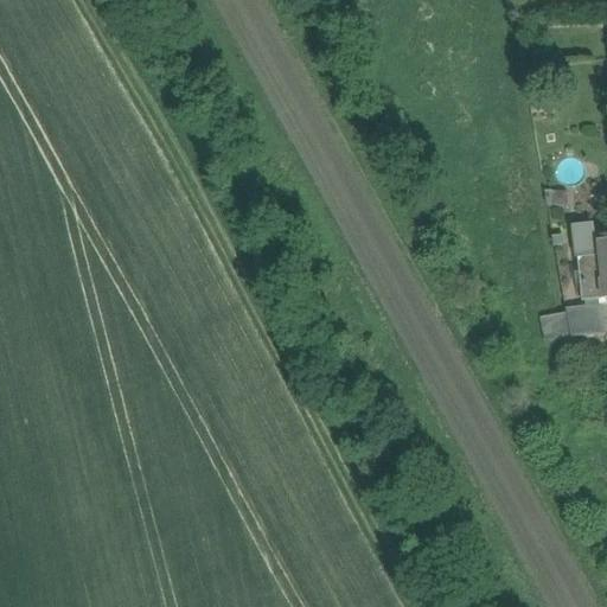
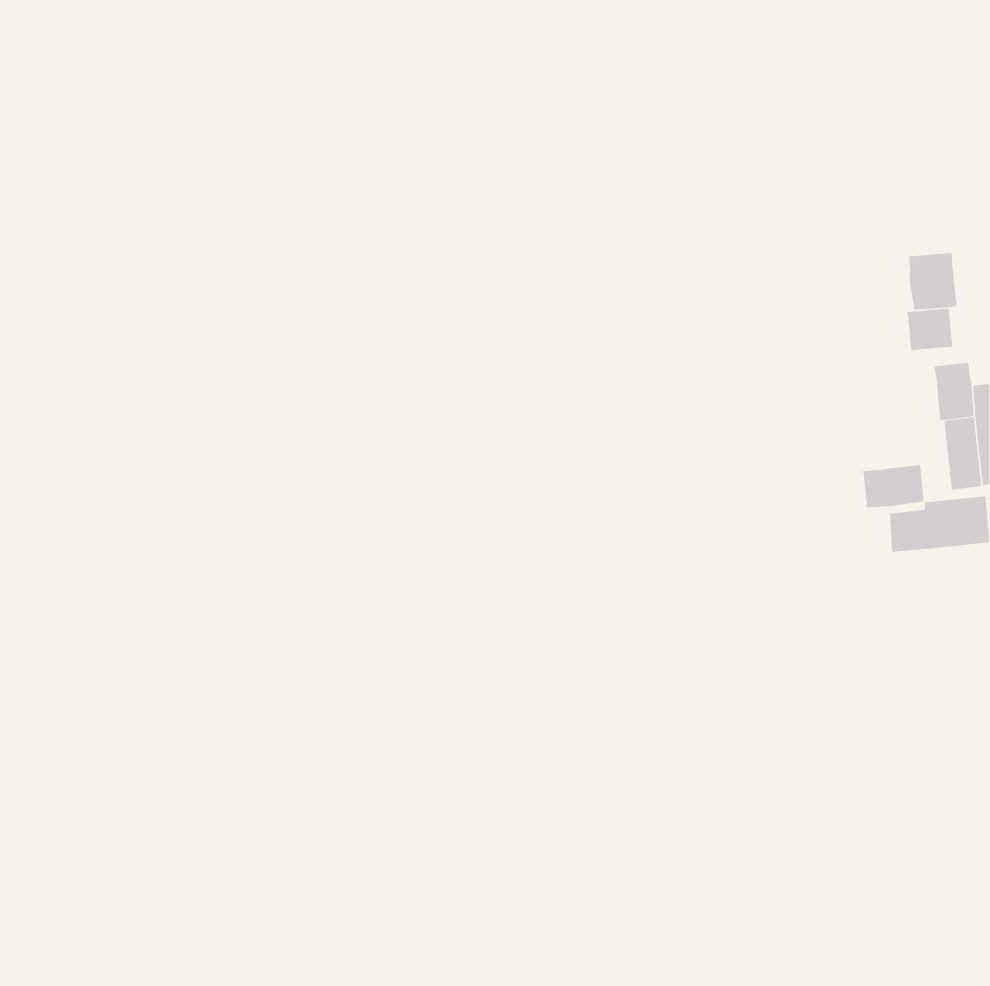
building: none -> [909,252,957,310]
building: none -> [863,464,924,508]

